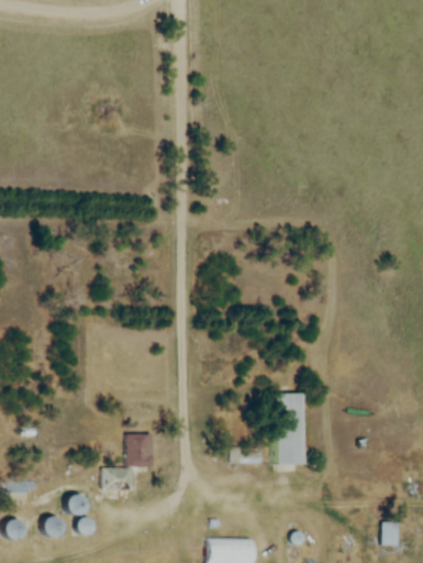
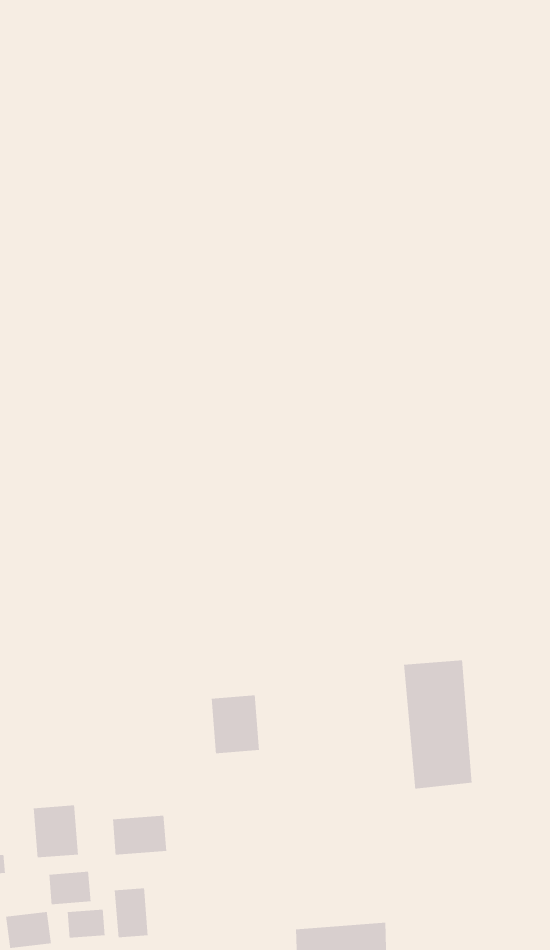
building: [126,434,152,466] -> [211,695,260,754]
building: none -> [33,805,79,858]
building: none -> [114,888,149,938]

